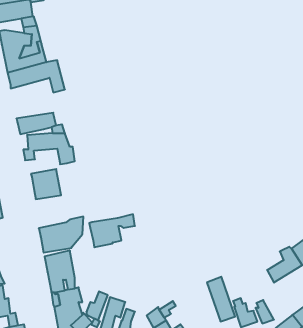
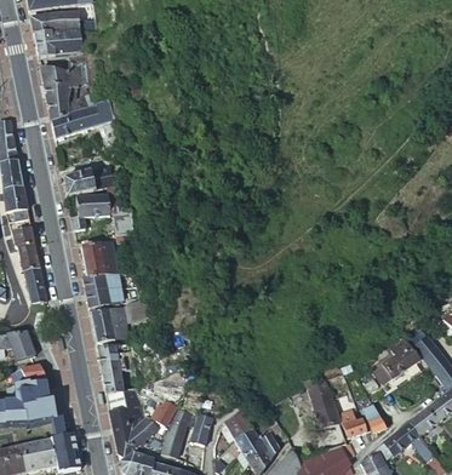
building: [89,214,135,247] -> [82,267,139,308]

